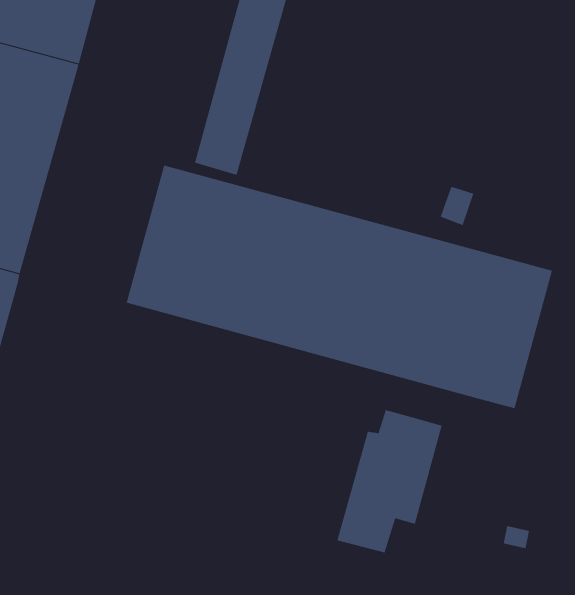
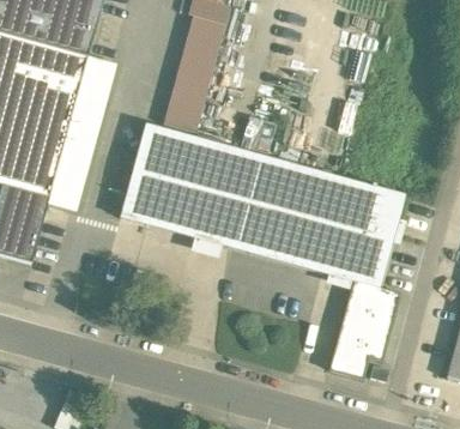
building: none -> [47,56,115,210]
building: [337,410,442,553] -> [328,282,399,377]

